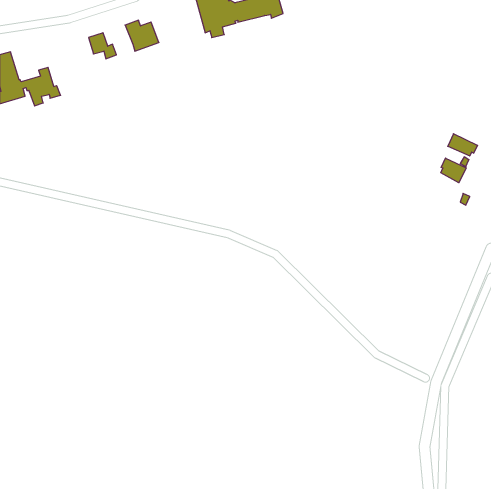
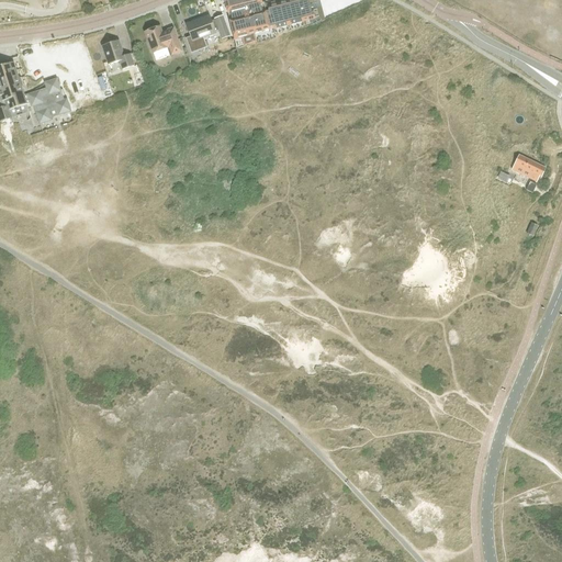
building: none -> [184,13,228,49]
building: [441,158,466,183] -> none

